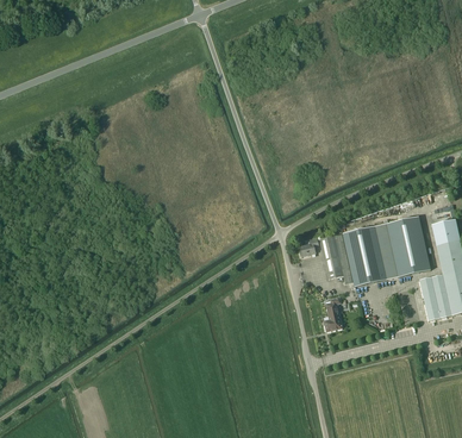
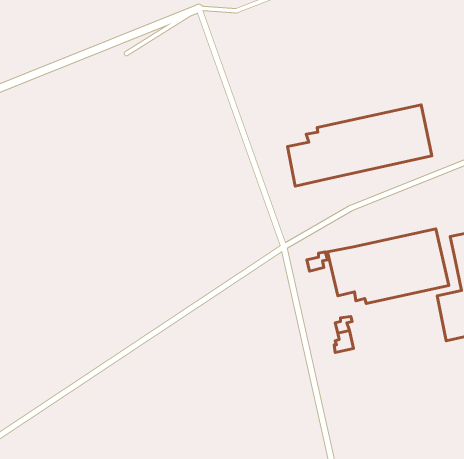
building: none -> [288,105,432,186]

